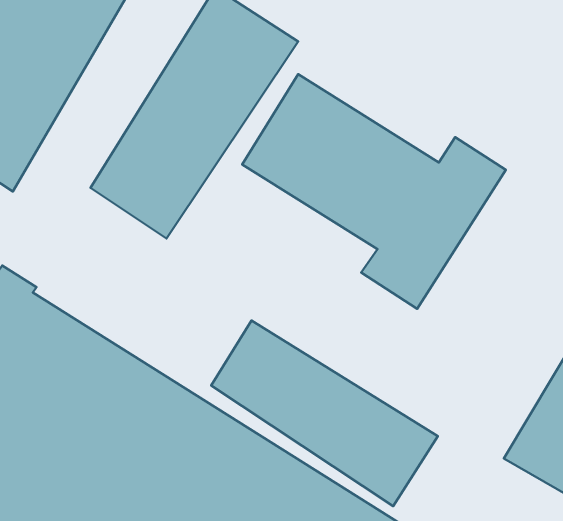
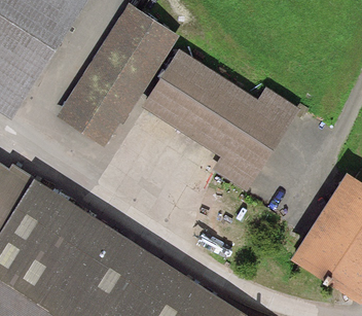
building: [211,321,438,506] -> none

